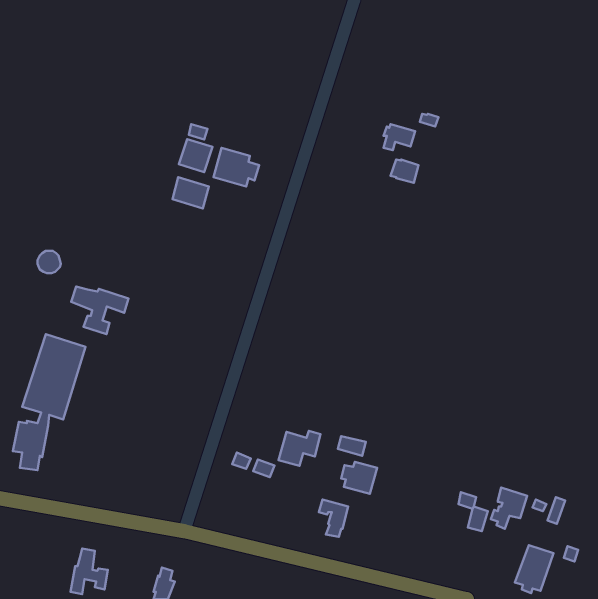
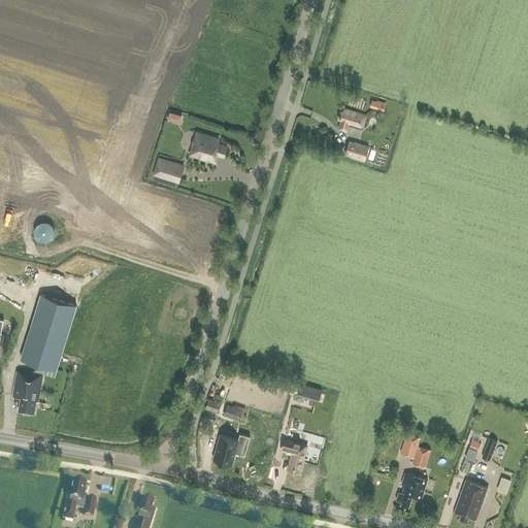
building: [179,139,213,172] -> none
building: [71,287,129,334] -> none
building: [278,431,321,466] -> [212,433,250,464]
building: [341,462,377,494] -> none
building: [491,488,527,529] -> [395,472,427,508]

